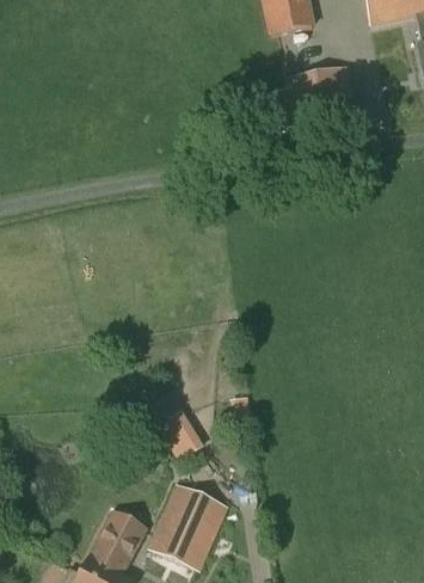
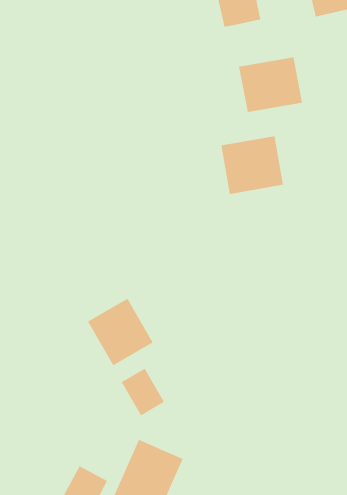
building: none -> [221,135,284,195]
building: none -> [87,298,154,366]

